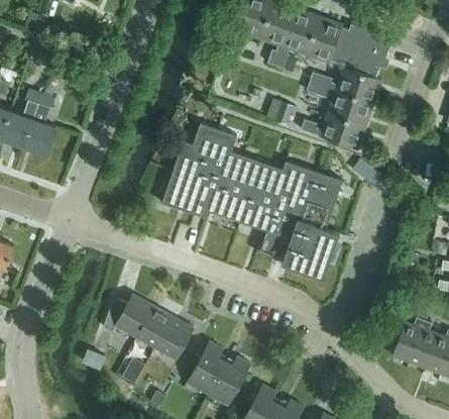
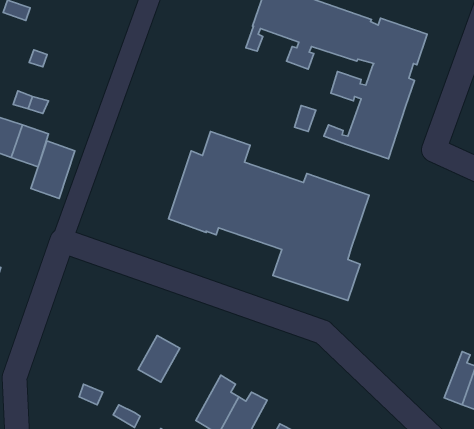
building: none -> [31,141,75,198]
building: [103,295,152,337] -> none
building: [155,318,193,360] -> none
building: [391,318,424,362] -> none

